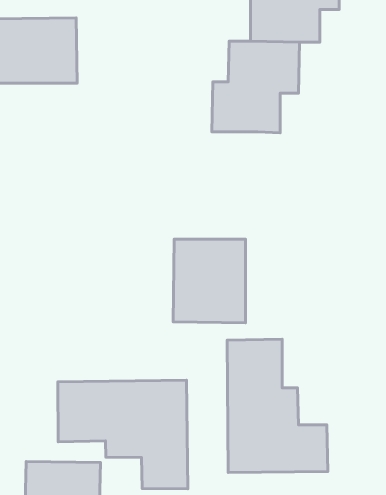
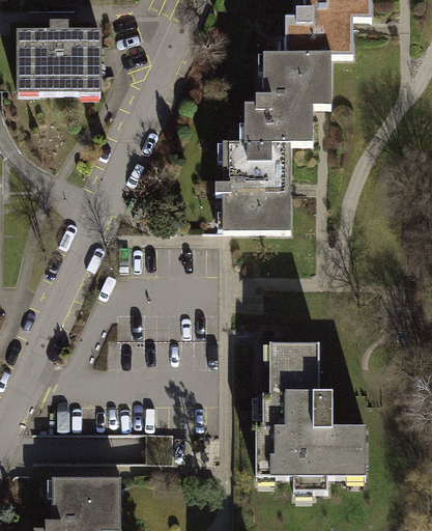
building: [173,239,246,323] -> [215,141,289,226]
building: [58,380,188,489] -> none

